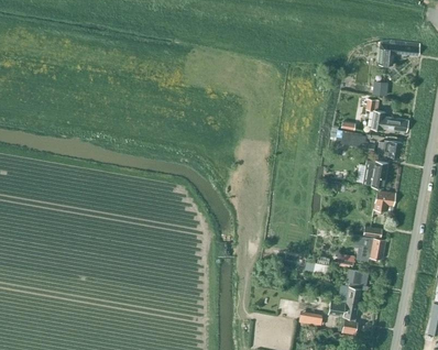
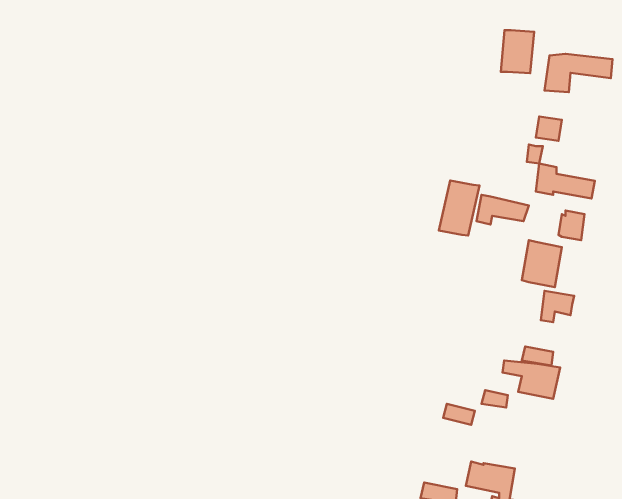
building: none -> [501,30,534,73]
building: none -> [439,180,479,235]
building: [339,269,369,303] -> none

